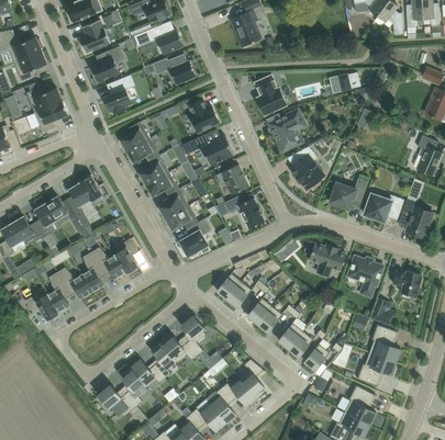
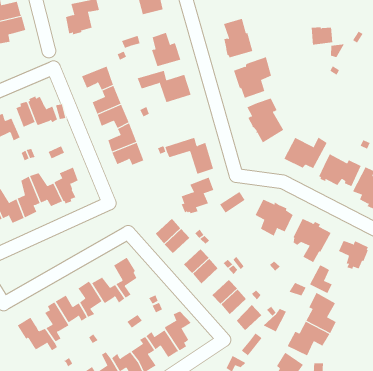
building: [120,121,149,150] -> none
building: [215,163,248,194] -> none
building: [179,218,210,256] -> [181,177,214,214]

